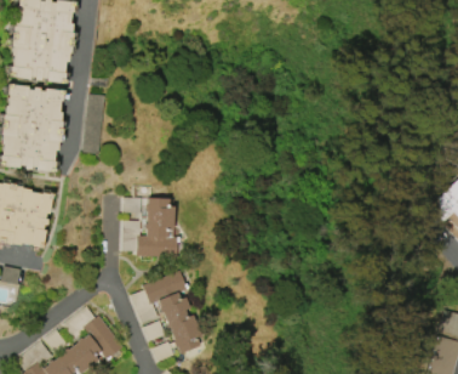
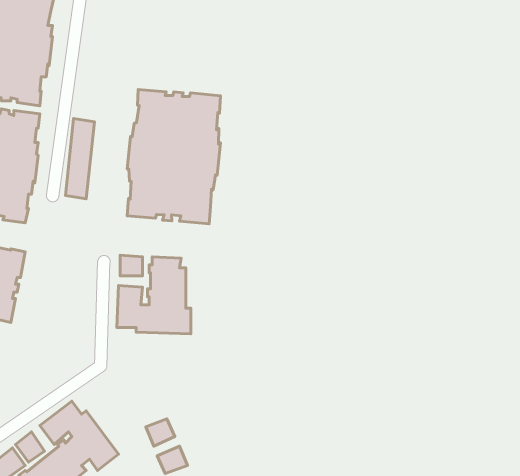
building: none -> [127,89,221,224]
building: [131,270,200,353] -> none

